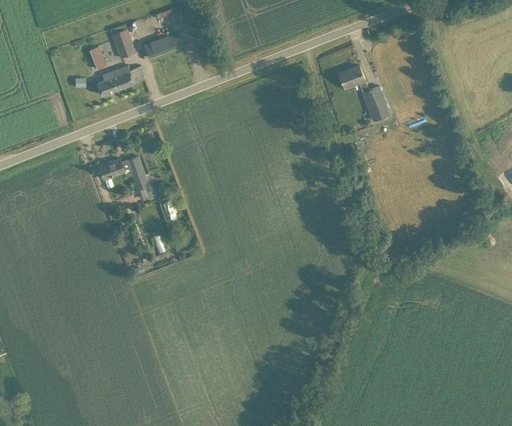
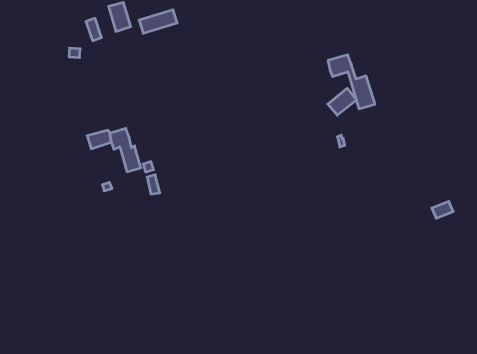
building: [96,65,144,95] -> none
building: none -> [328,88,356,115]

